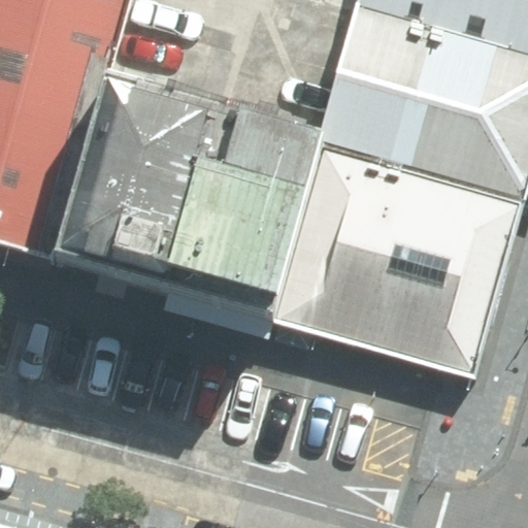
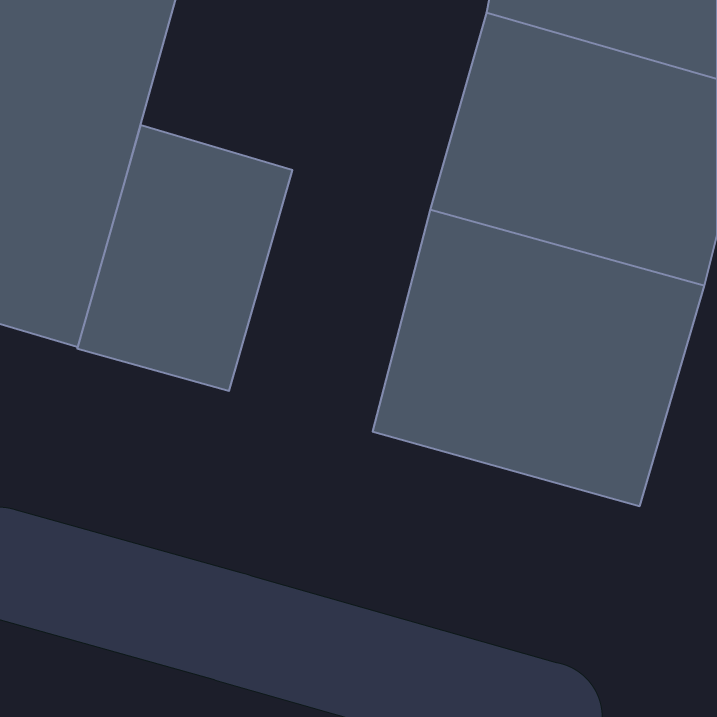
building: [168,125,316,317] -> none

